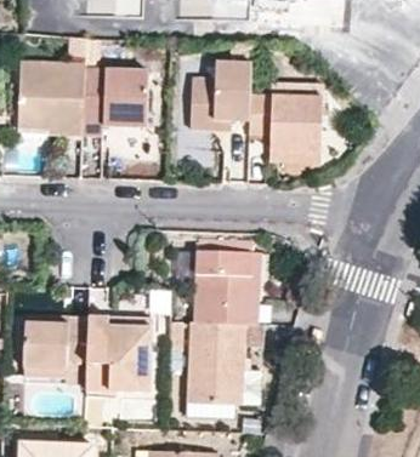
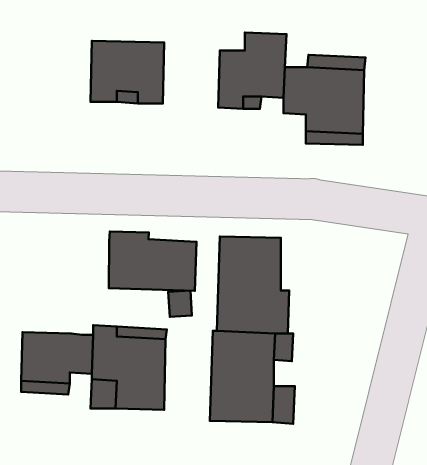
building: [22,58,85,127] -> none
building: none -> [109,231,197,291]

